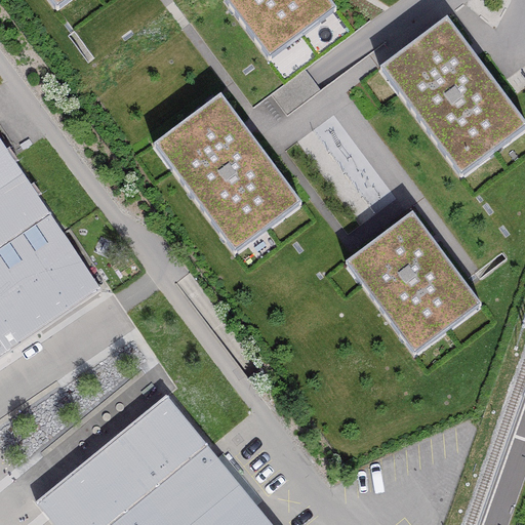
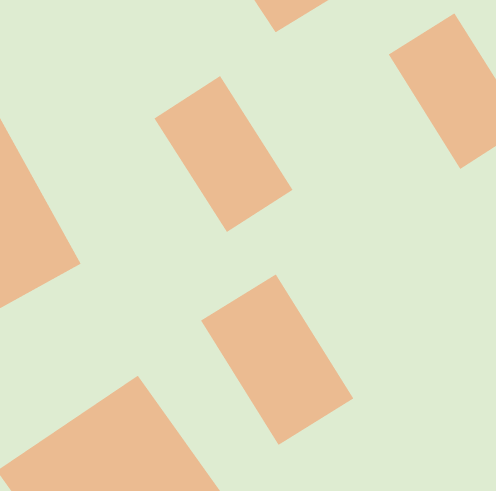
building: [350,213,482,354] -> none
building: none -> [200,273,354,446]

